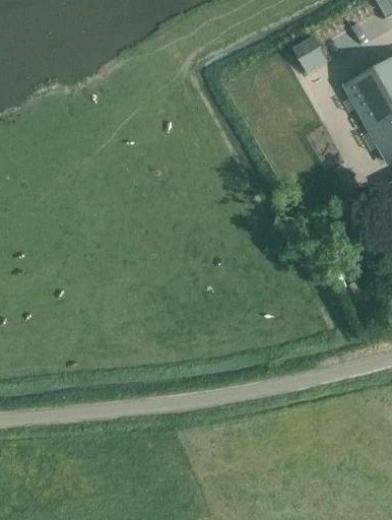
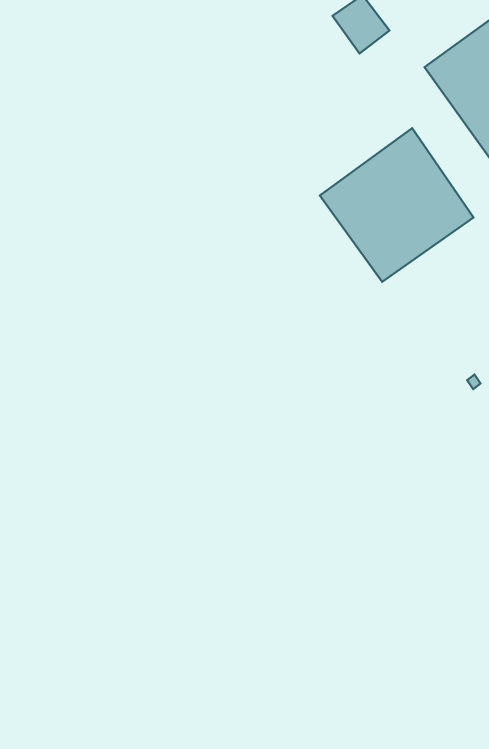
building: none -> [320,128,474,282]

